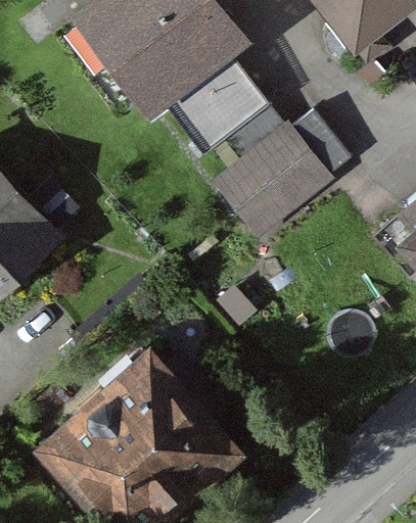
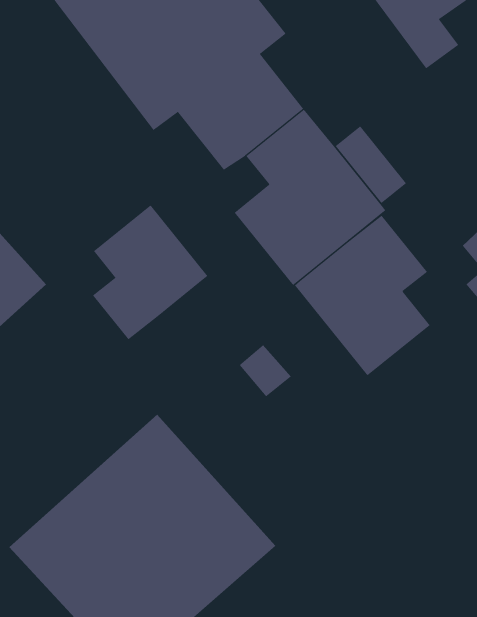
building: none -> [92,205,208,340]
building: none -> [294,215,430,376]

